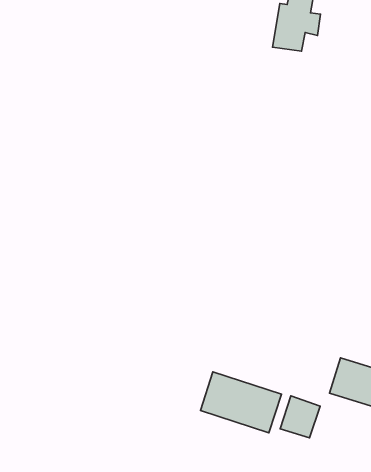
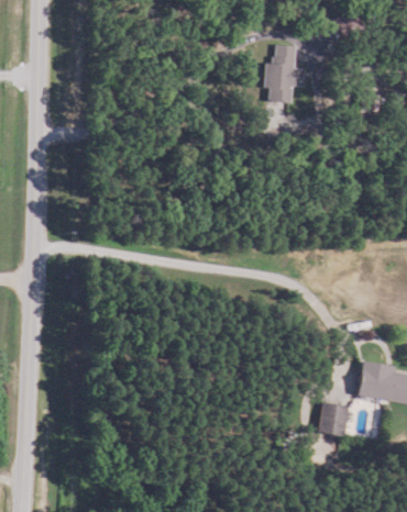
building: [200,372,281,433] -> none

